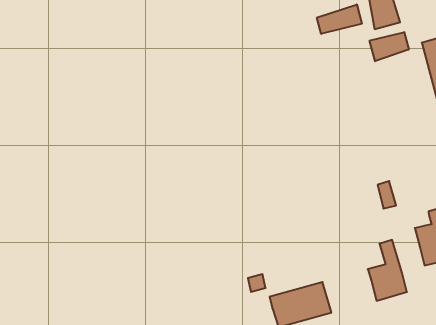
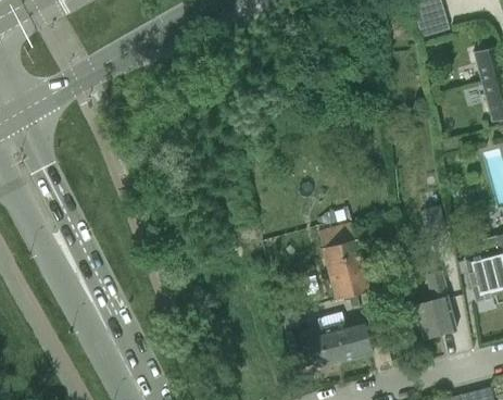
building: [317,4,362,34] -> none
building: [370,32,409,61] -> none
building: none -> [318,223,370,299]

